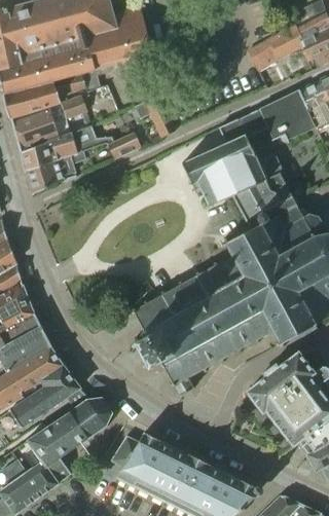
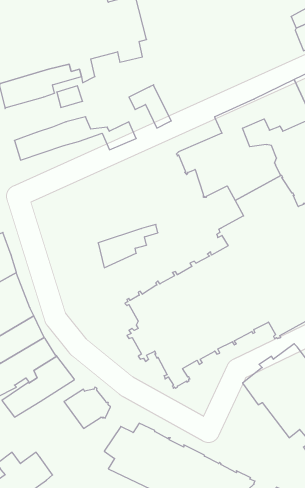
building: [248,27,301,70] -> none
building: [11,107,58,150] -> none
building: [26,151,85,194] -> [98,224,158,268]
building: [26,410,88,483] -> none

